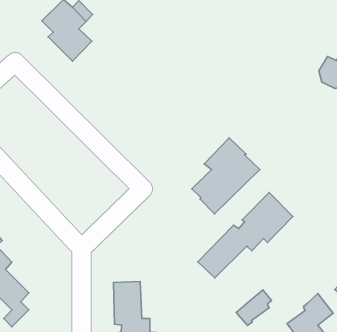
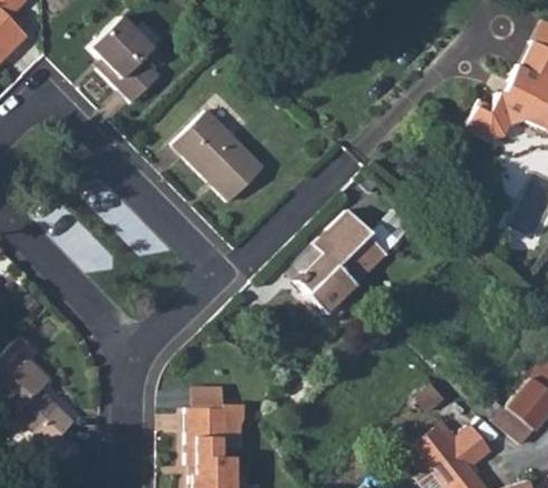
building: none -> [173,110,263,201]
building: [198,192,293,278] -> none
building: [236,290,272,325] -> [407,421,456,470]

